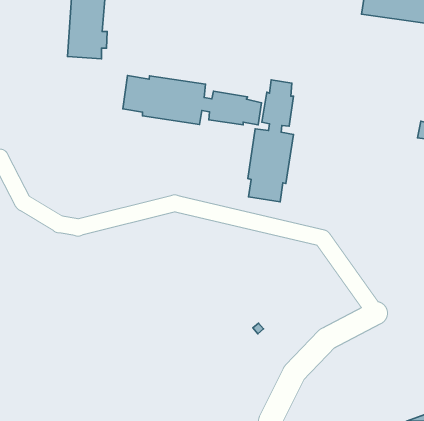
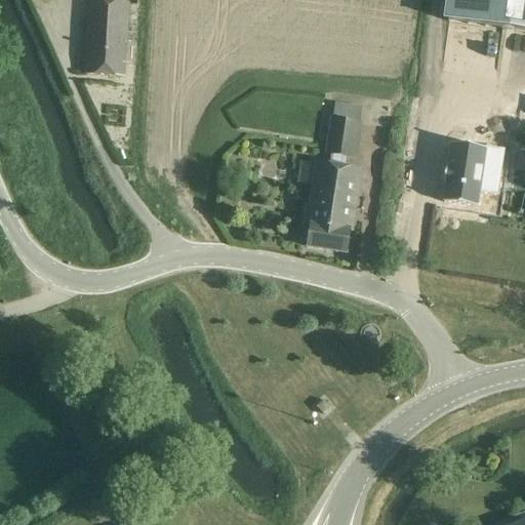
building: [123,76,261,125] -> none
building: none -> [445,136,506,201]

